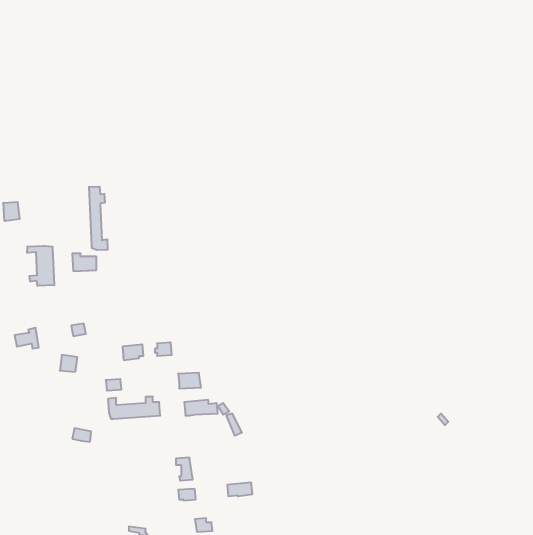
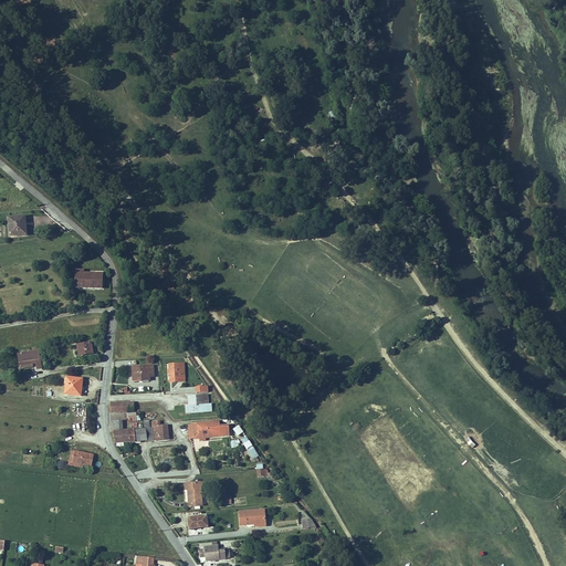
building: [89,187,107,250] -> none
building: [27,246,54,286] -> none

